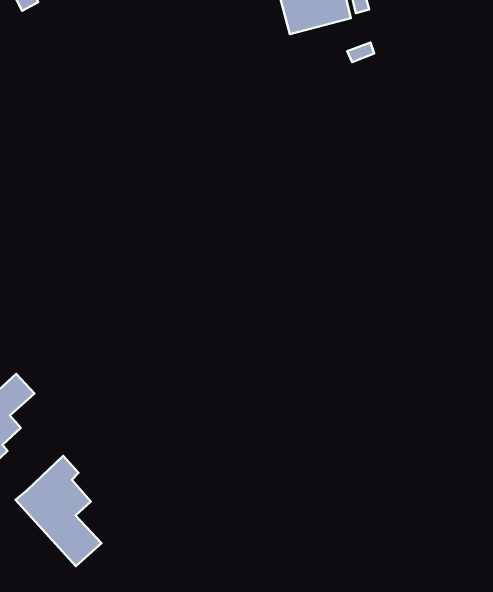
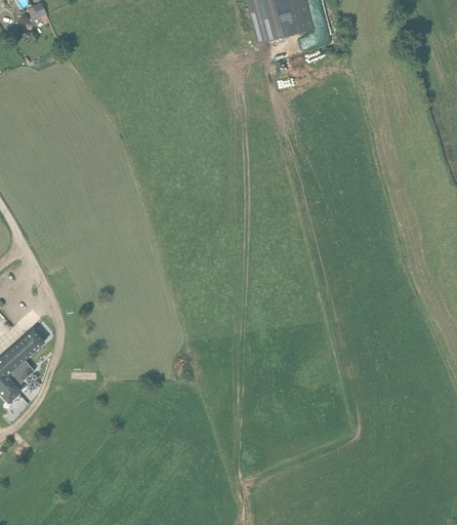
building: [16,456,101,566] -> none

